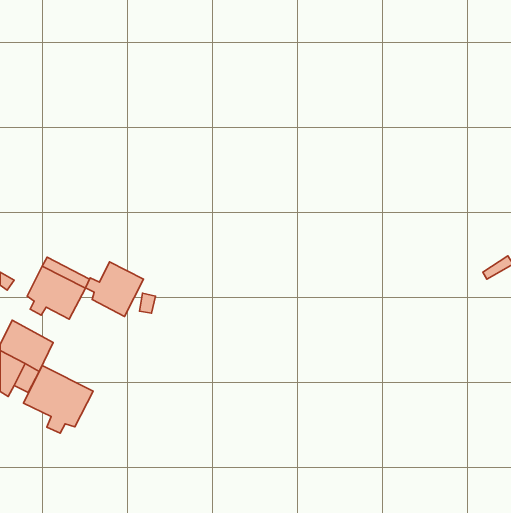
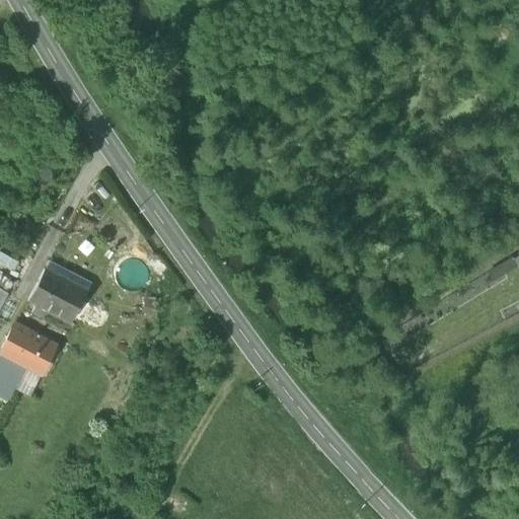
building: [85,262,144,316] -> none
building: [24,366,93,433] -> none

